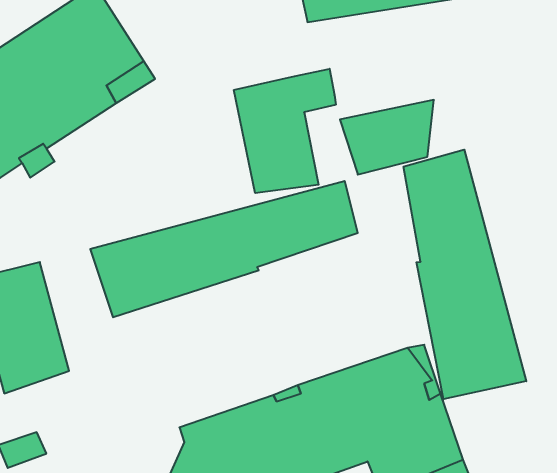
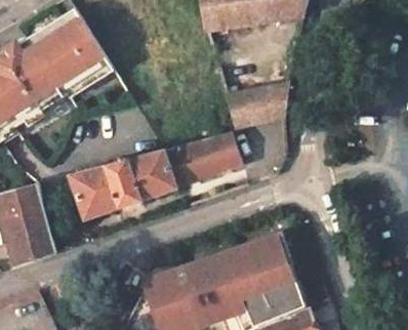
building: [234,69,336,193] -> none
building: [404,150,526,399] -> none

